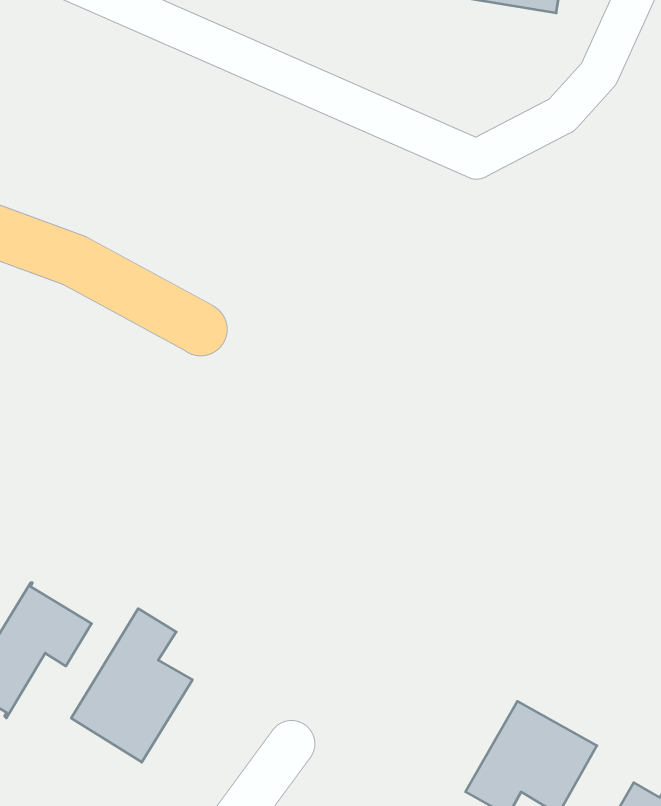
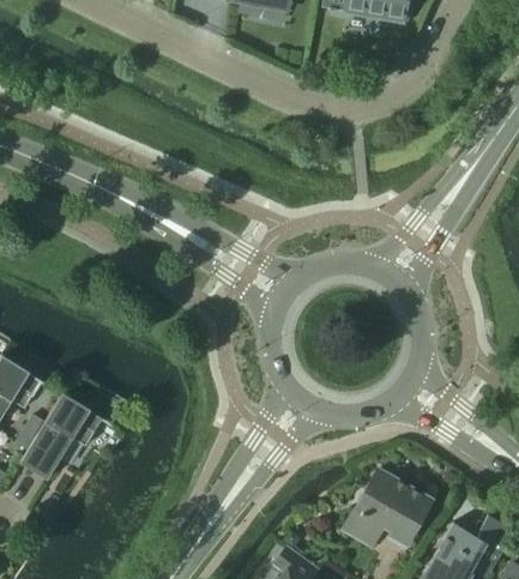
building: [71,609,192,762] -> none

